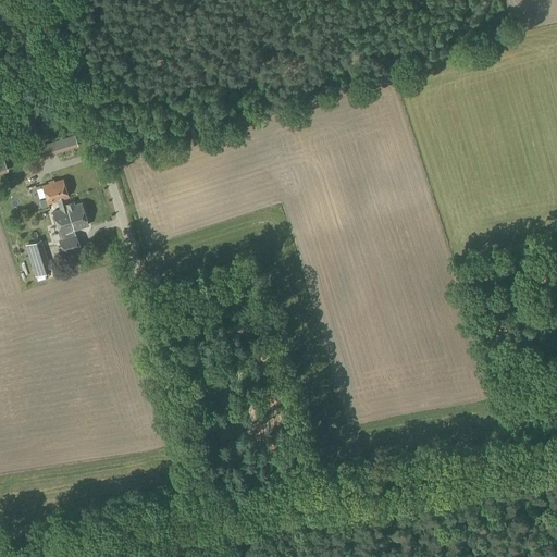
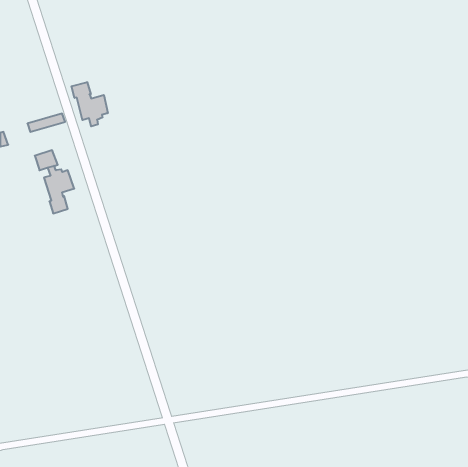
building: none -> [71,82,108,126]
building: [25,239,51,276] -> none

